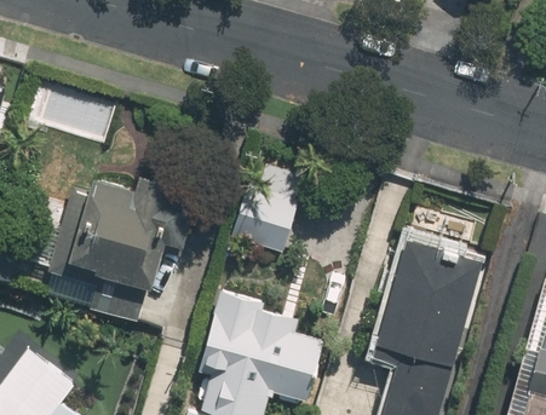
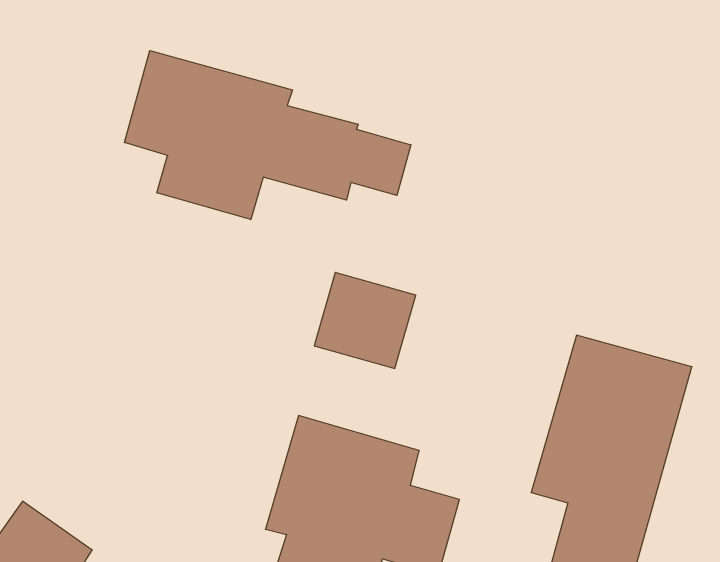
building: none -> [124,51,411,220]
building: [46,177,190,299] -> none

